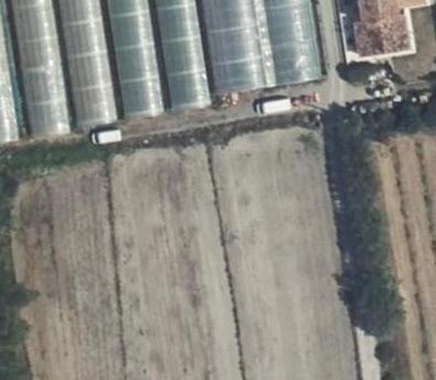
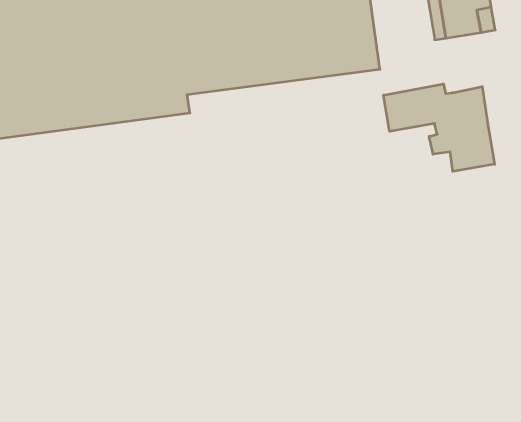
building: none -> [384,84,495,171]

